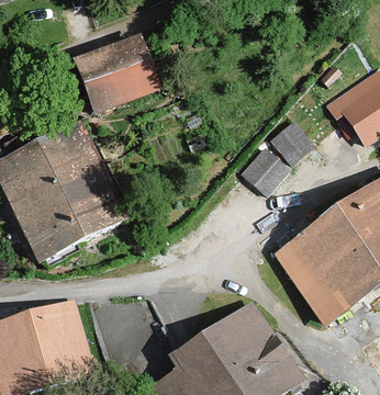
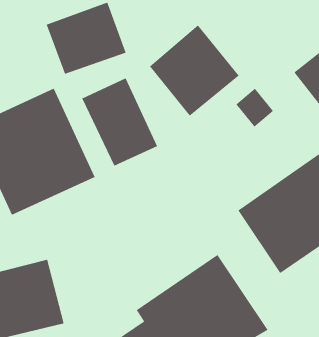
building: none -> [149,25,240,117]
building: none -> [81,78,158,166]
building: [244,148,289,193] -> none

